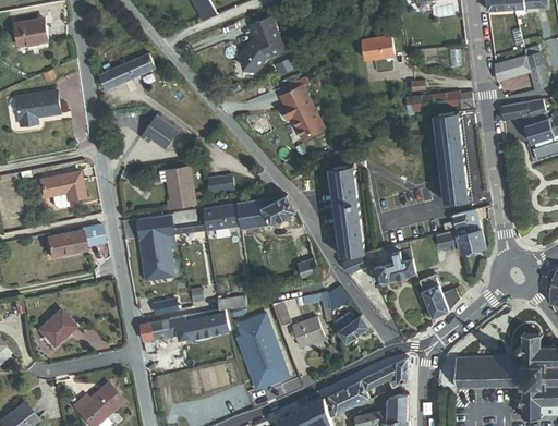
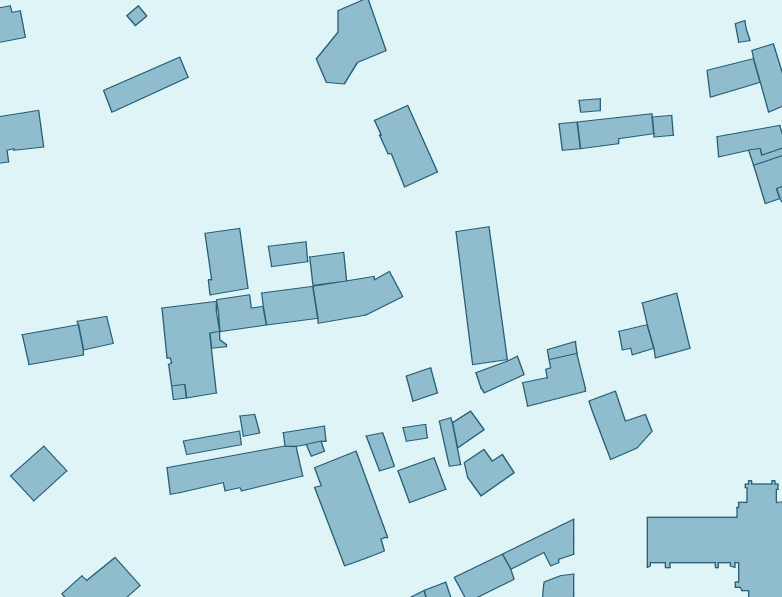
building: [362,35,393,60] -> none
building: [436,112,468,203] -> none
building: [143,117,177,149] -> none
building: [39,171,84,207] -> none
building: none -> [310,252,347,285]

